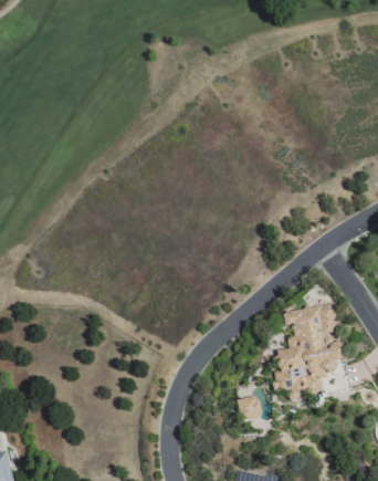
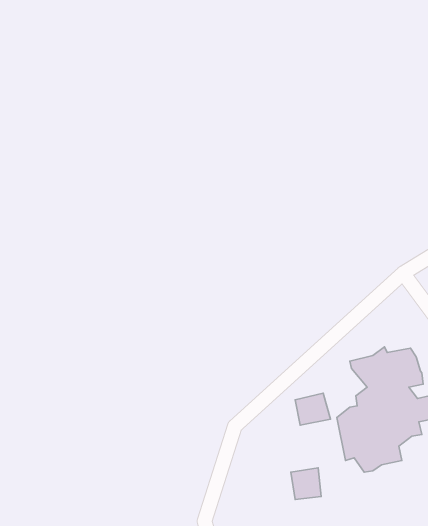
building: none -> [295,393,330,425]

